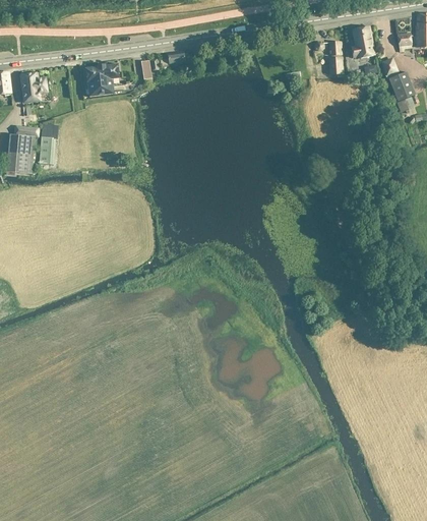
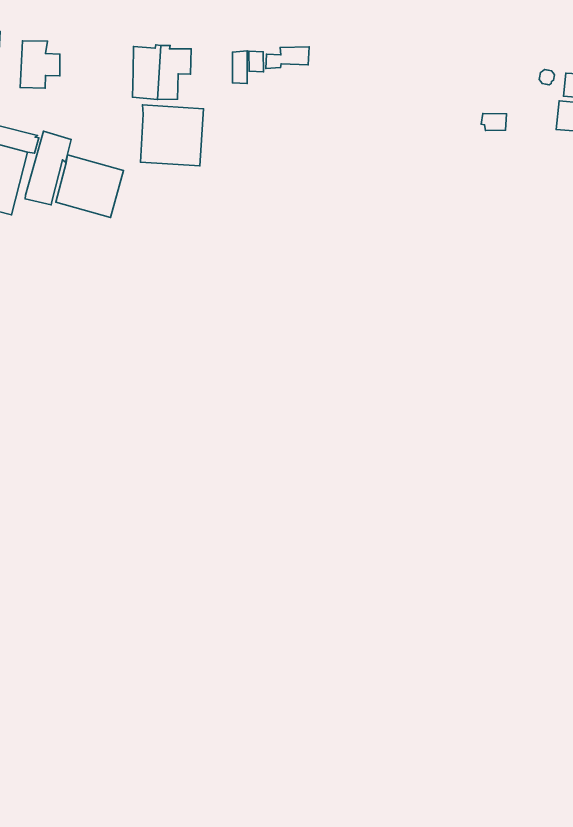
building: none -> [140,105,203,166]
building: none -> [56,155,124,217]

